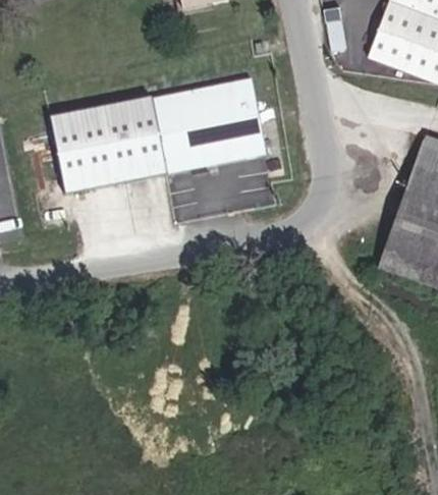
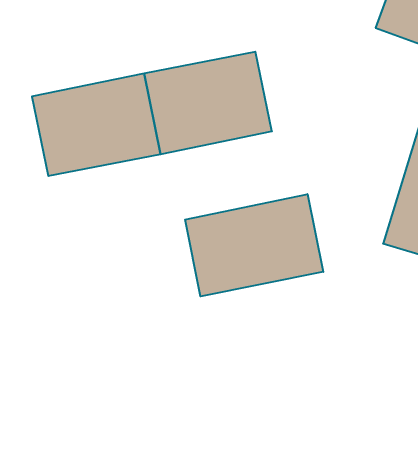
building: none -> [185,194,323,296]

